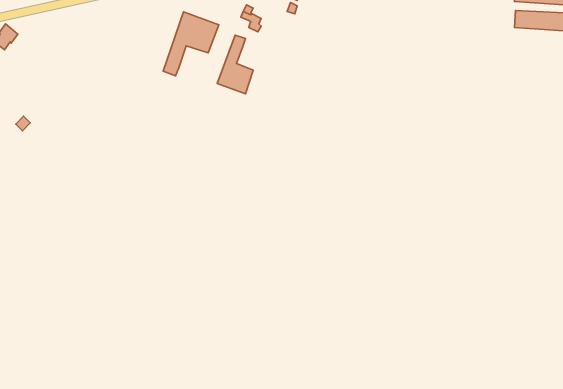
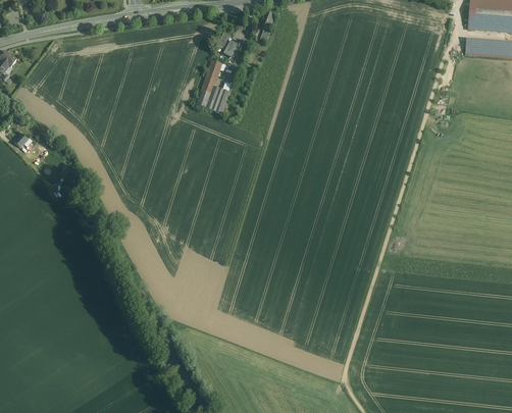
building: [163,12,219,76] -> none

